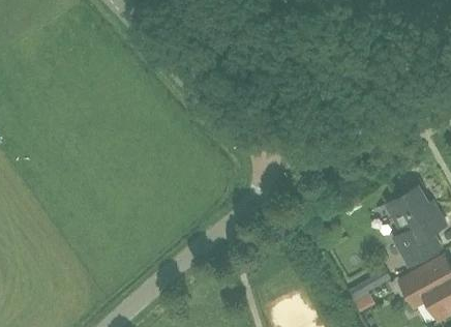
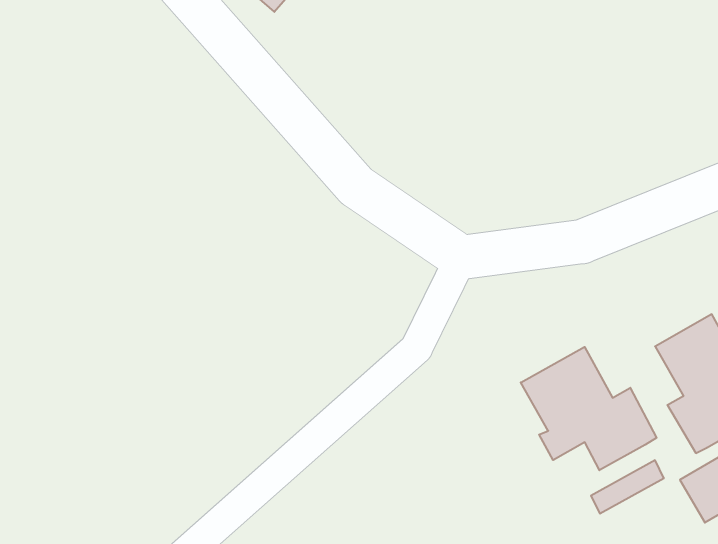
building: none -> [521,347,657,470]

